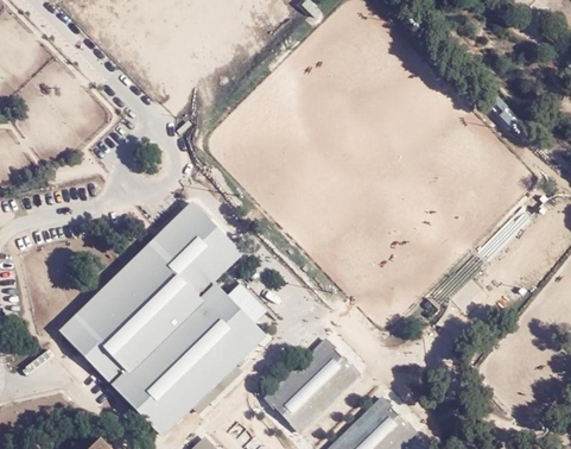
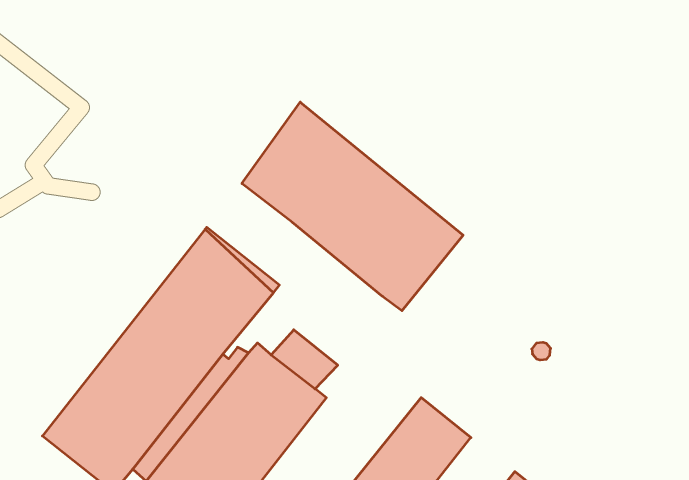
building: none -> [242,102,463,311]

